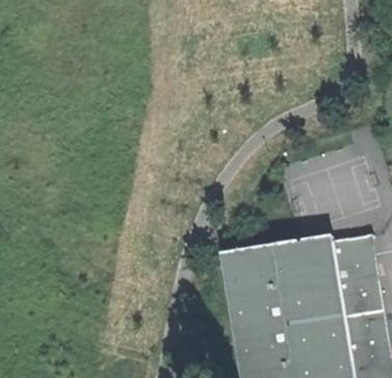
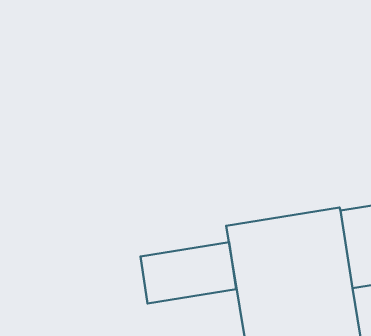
building: none -> [140,242,236,304]

